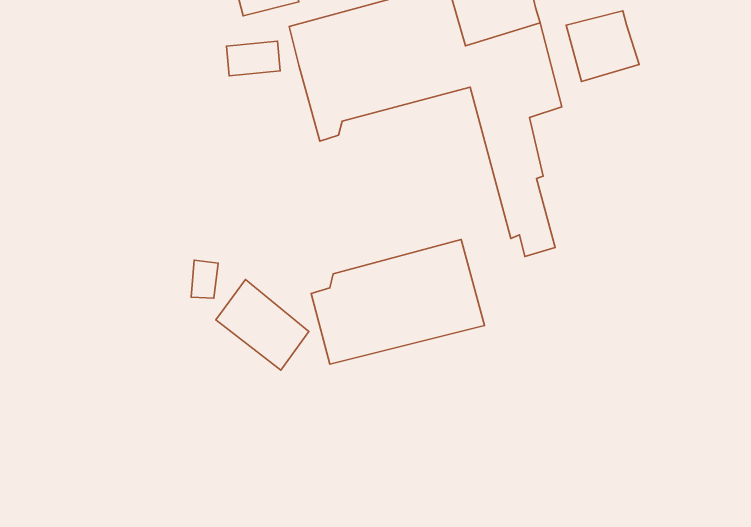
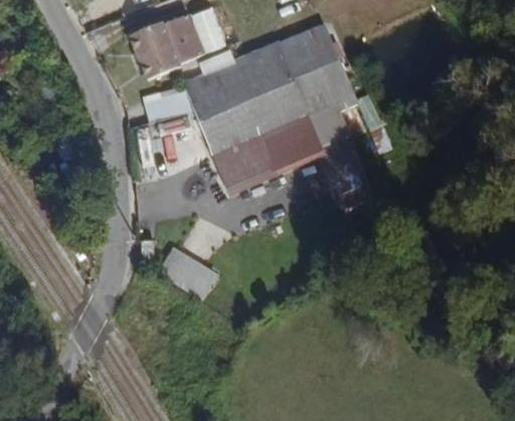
building: [566,11,639,82] -> none
building: [311,240,484,364] -> [210,102,320,190]

